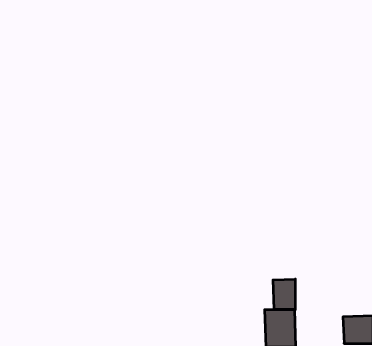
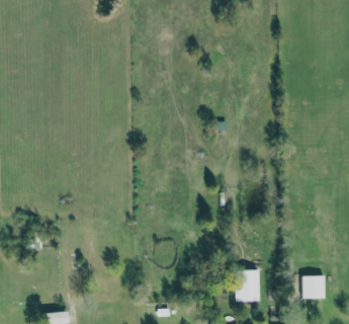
building: [273,279,295,310] -> none

